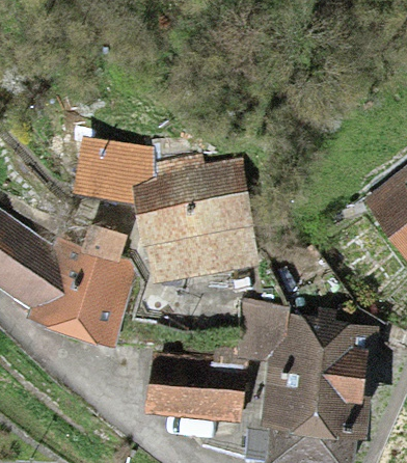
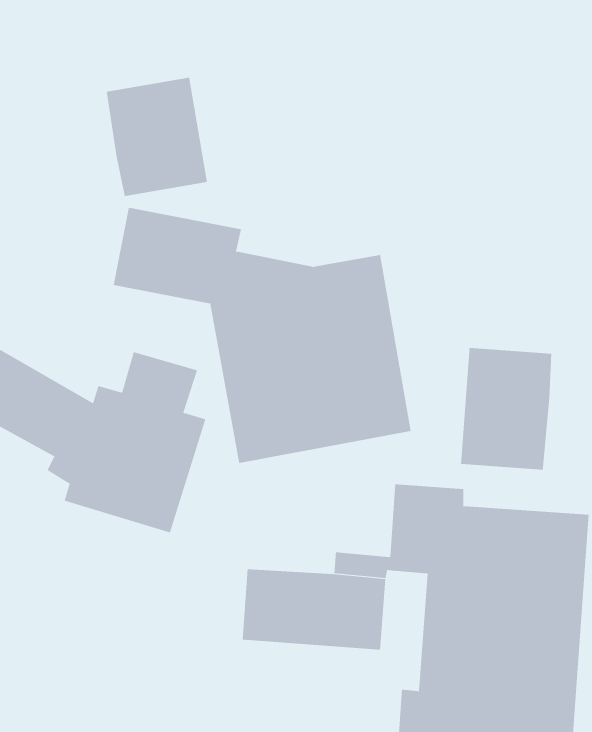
building: none -> [106,77,208,197]
building: none -> [461,347,552,471]

